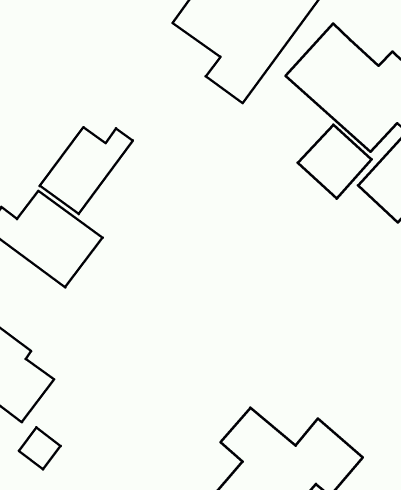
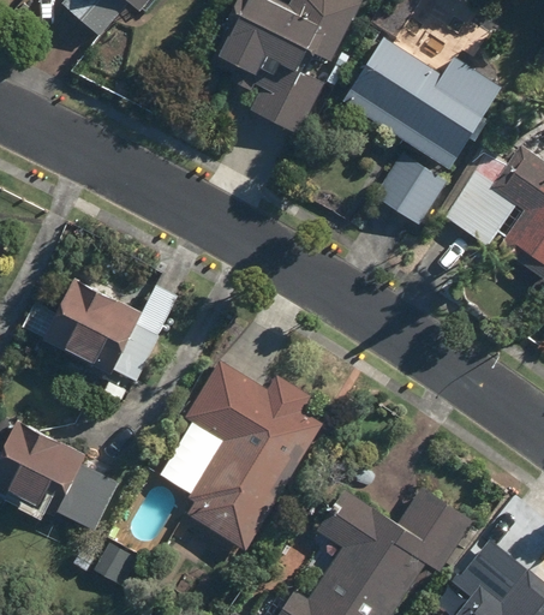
building: [40,127,133,214] -> none
building: none -> [166,359,330,550]

